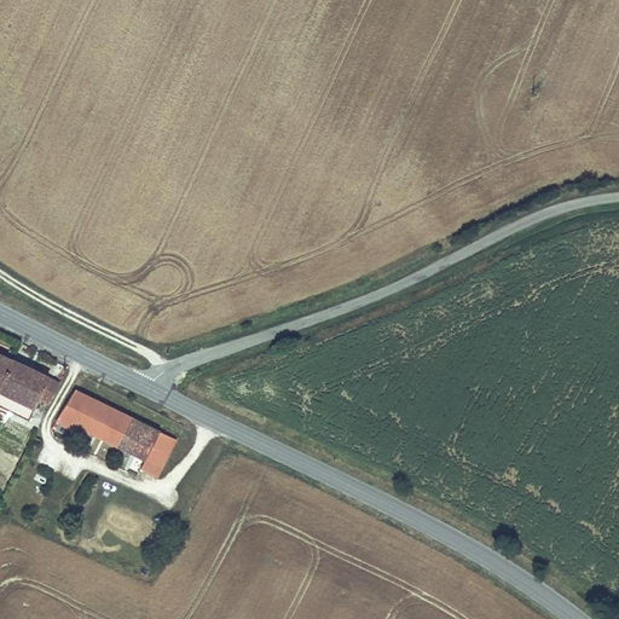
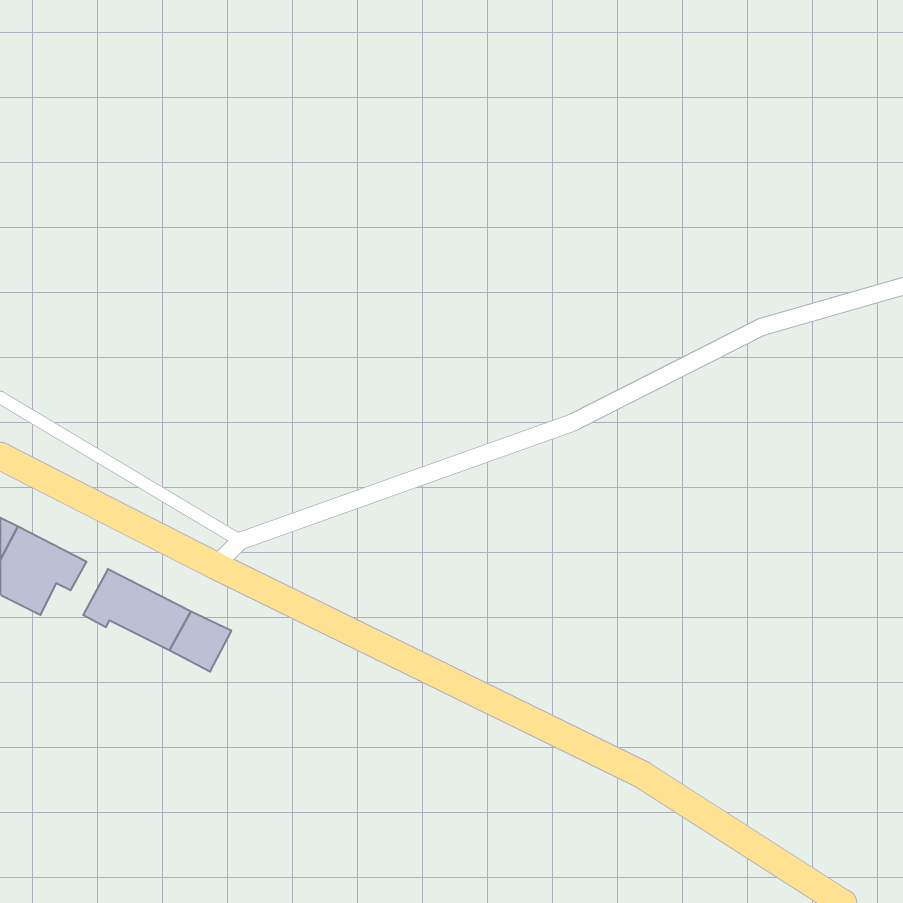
building: [144,432,175,468] -> none

